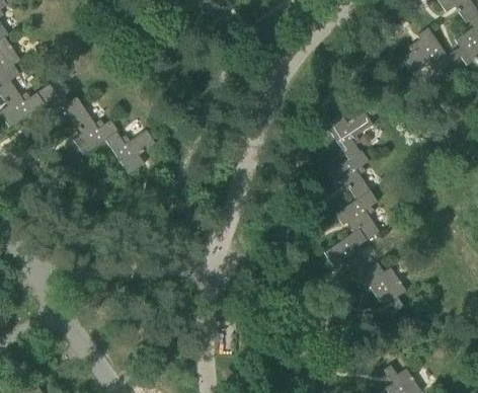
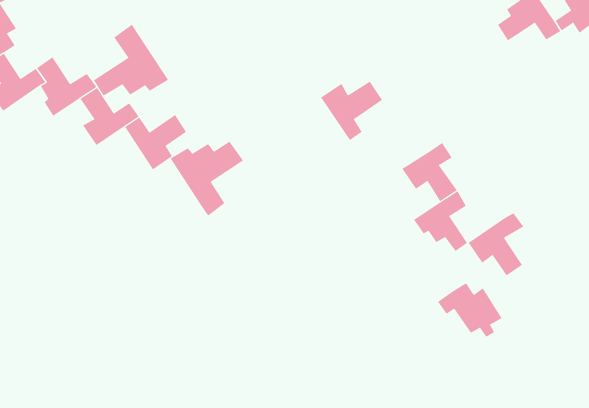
building: none -> [93,24,169,96]
building: [325,111,375,159] -> [320,81,383,141]
building: none -> [170,141,244,216]
building: [324,228,369,279] -> [468,212,524,276]

